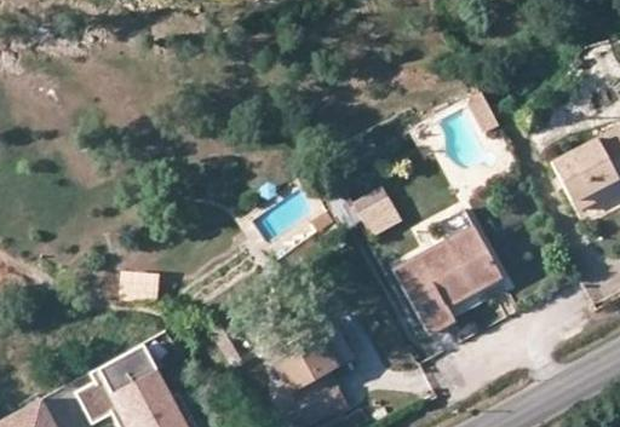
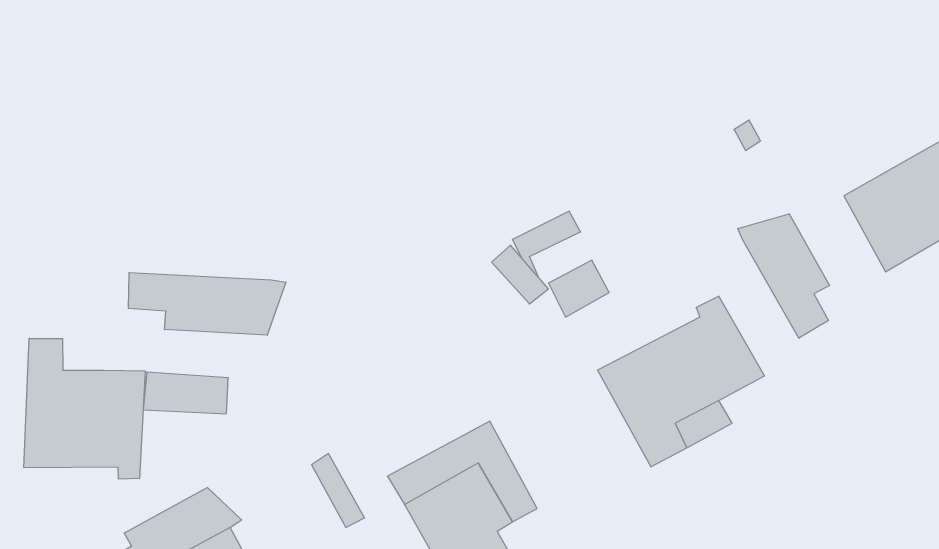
building: none -> [738,214,830,338]
building: none -> [128,272,286,335]
building: none -> [24,338,145,479]

